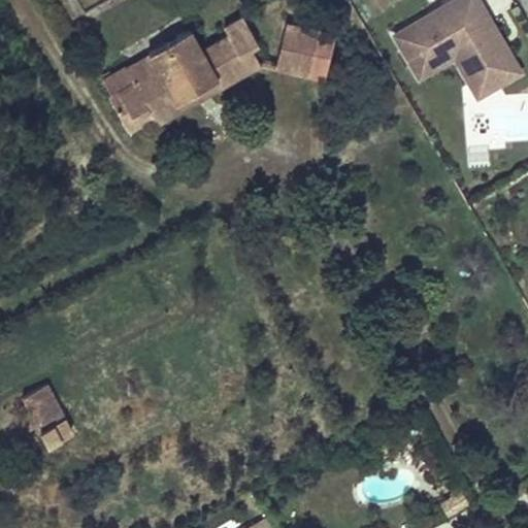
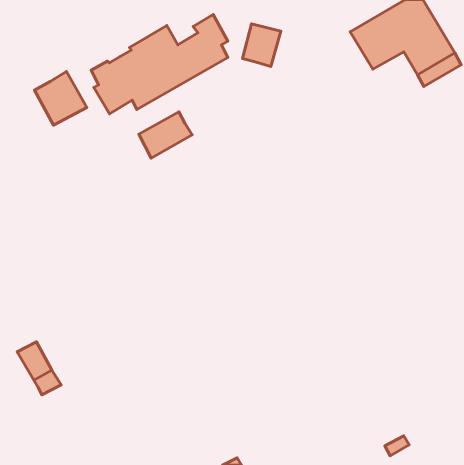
building: none -> [34,71,87,125]
building: none -> [139,112,192,158]

